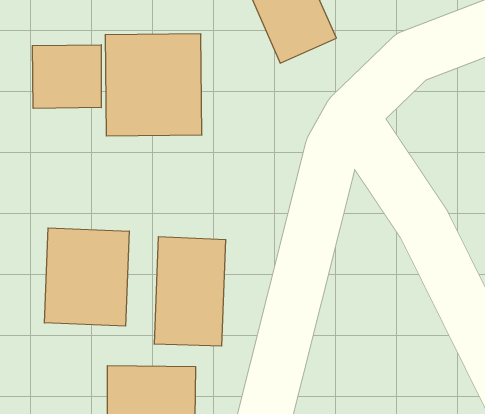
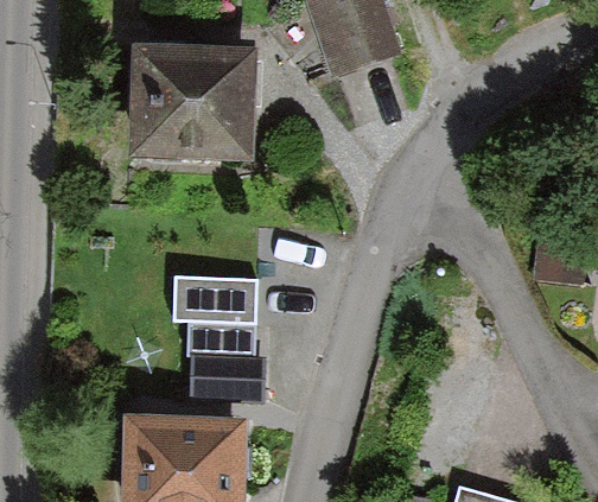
building: [32,45,101,108] -> none
building: [44,228,129,326] -> none

